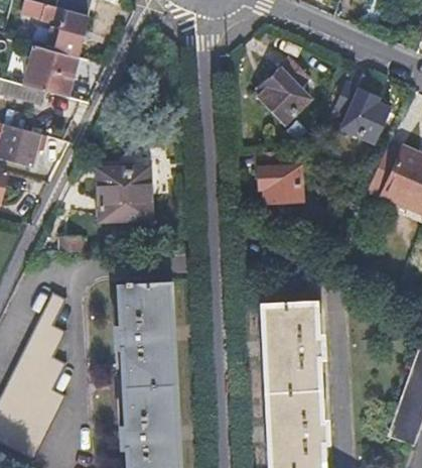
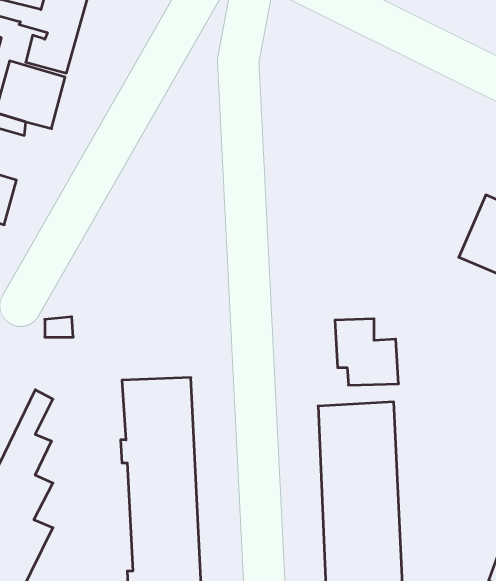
building: [255,57,308,123] -> none
building: [334,83,389,140] -> none
building: [254,150,301,200] -> [335,319,399,385]
building: [97,168,151,224] -> none

